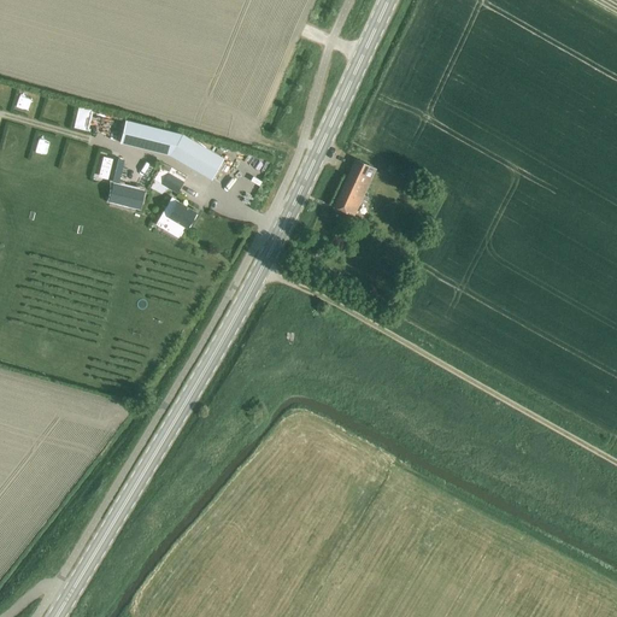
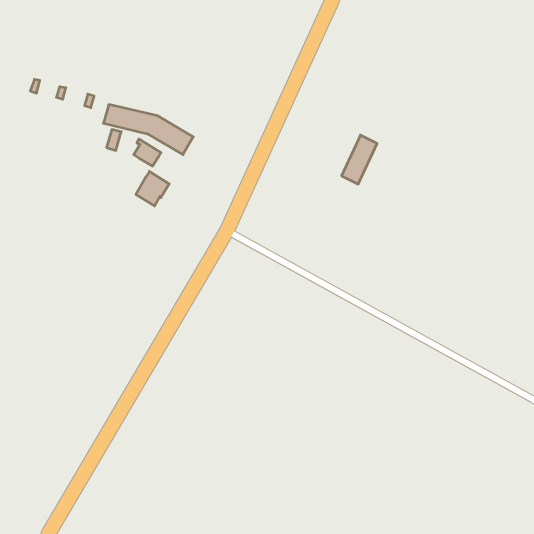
building: [334,159,375,216] -> [342,135,377,184]
building: [108,182,143,208] -> none

